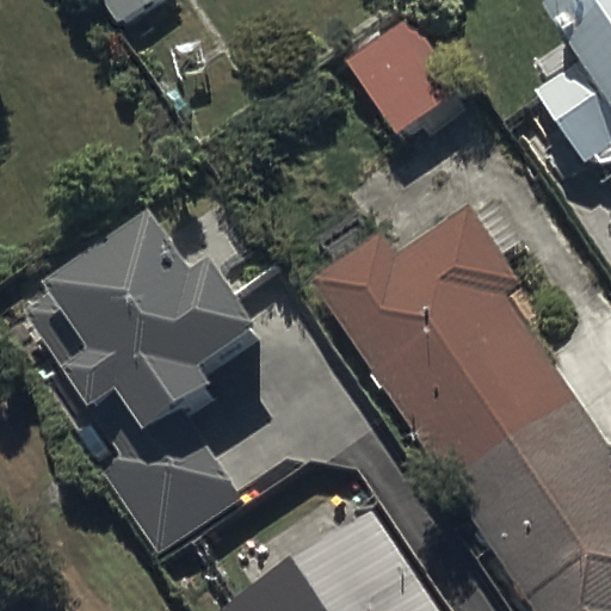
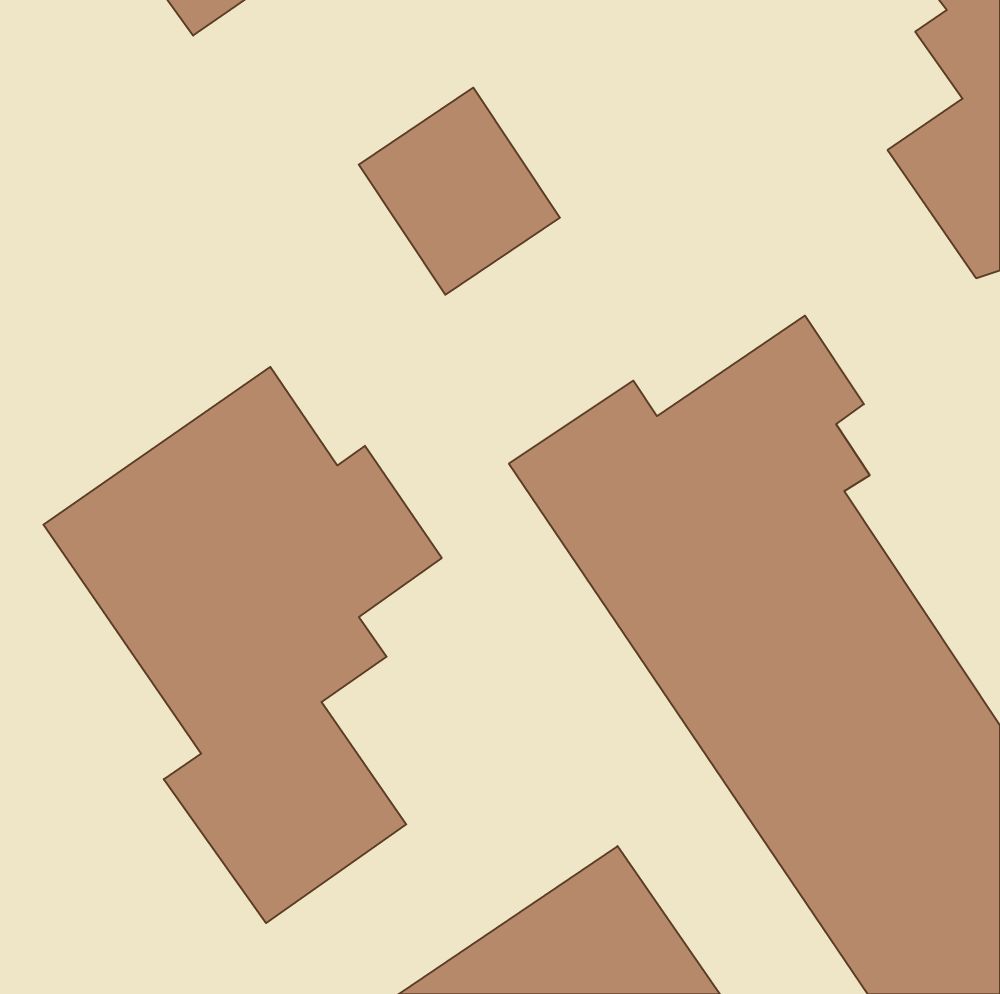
building: [346,16,468,141] -> [359,88,560,295]

